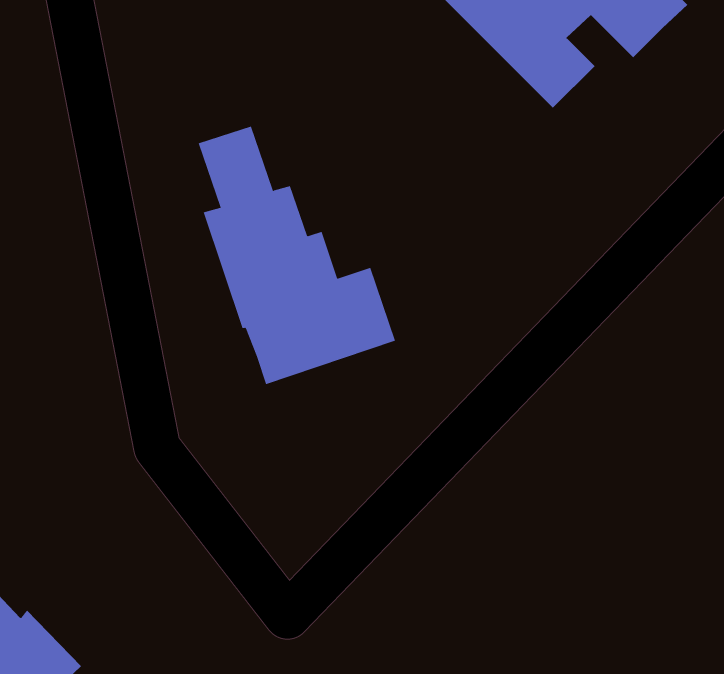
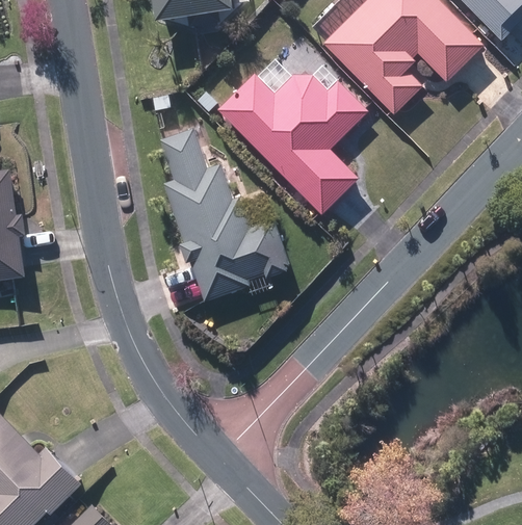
building: none -> [217,73,367,215]

